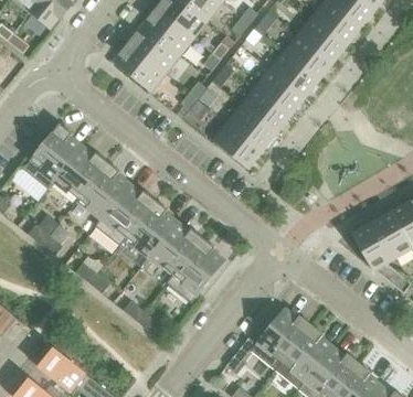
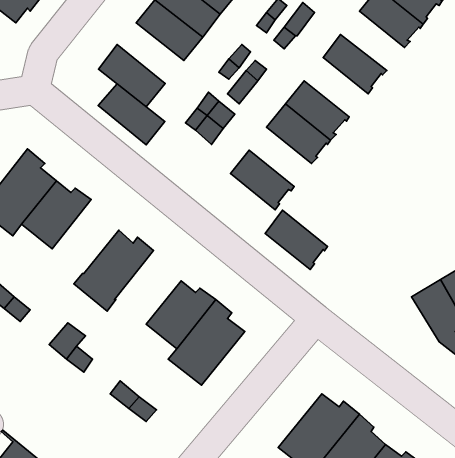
building: [297,18,346,63] -> none
building: [127,26,178,73] -> [98,84,165,145]
building: [269,53,318,98] -> none
building: [227,106,275,151] -> [265,210,328,270]
building: [77,161,128,217] -> none
building: [125,200,176,256] -> none

